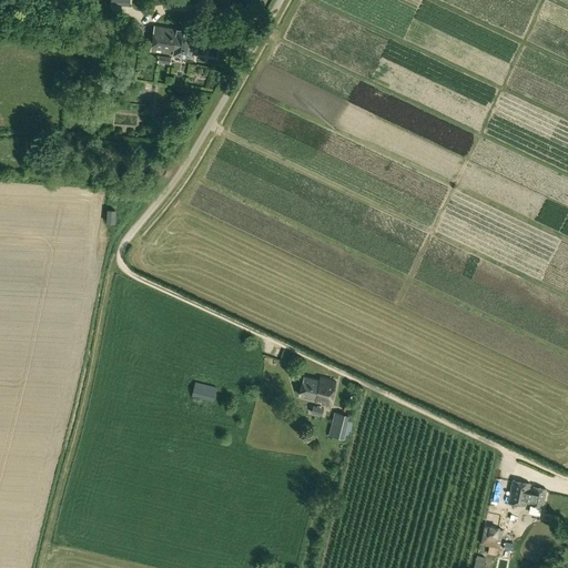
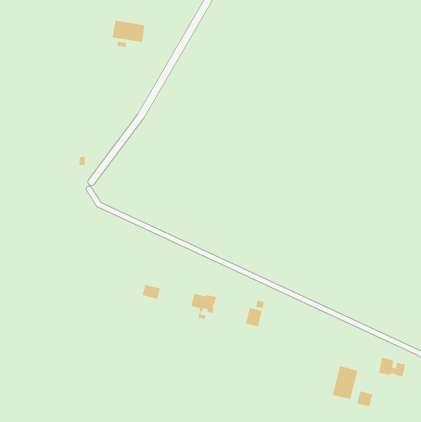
building: [300,376,335,412] -> [190,293,217,320]
building: none -> [332,365,358,400]

